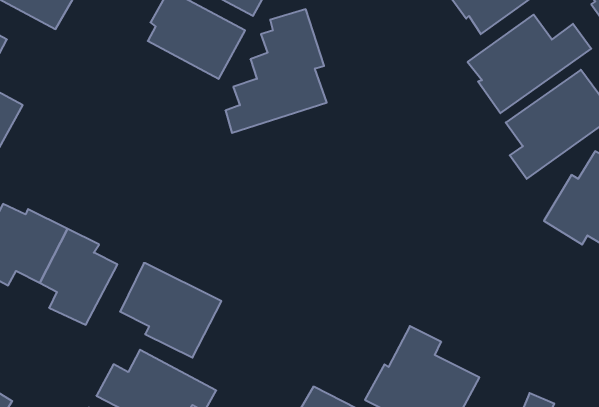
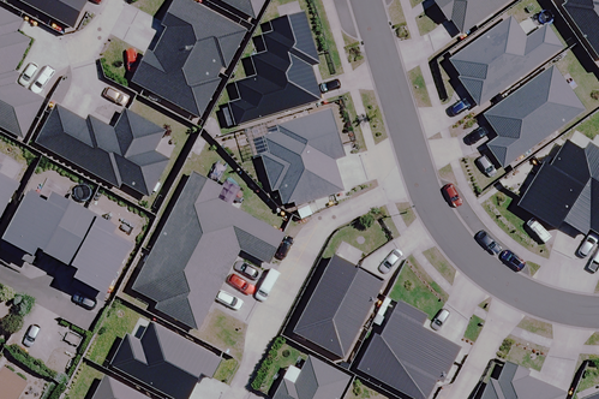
building: none -> [131,40,222,117]
building: none -> [36,103,167,195]
building: none -> [260,109,343,209]
building: none -> [155,171,282,278]
building: none -> [292,255,382,356]

